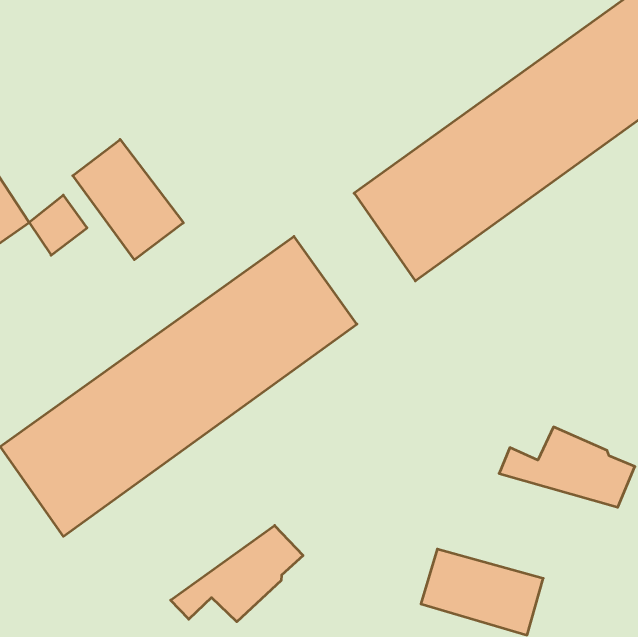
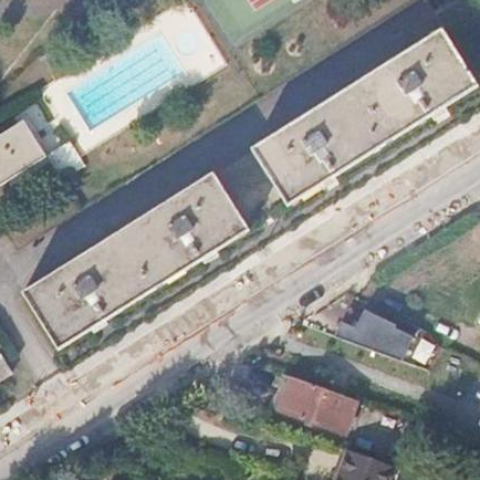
building: [73,139,183,260] -> none
building: [171,525,303,622] -> none

